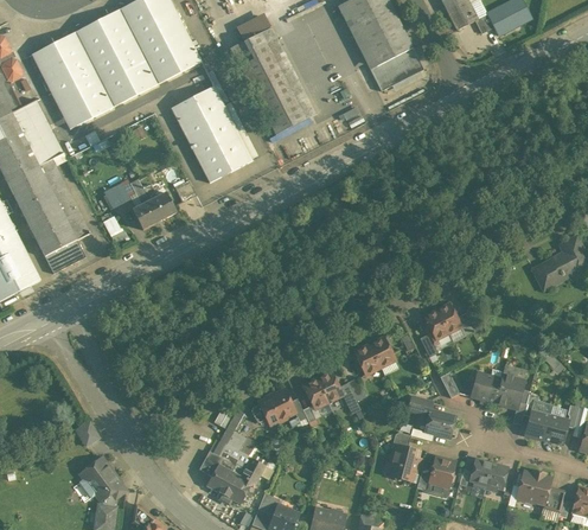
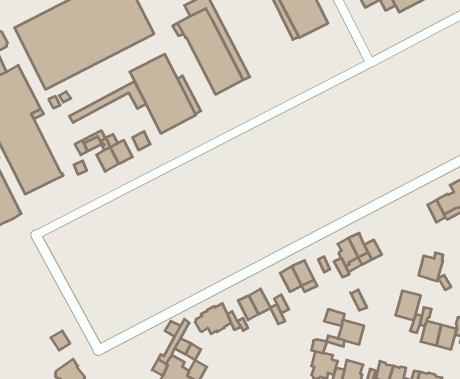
building: [369,49,422,91] -> none
building: none -> [69,81,146,123]
building: [44,241,84,274] -> none
building: [471,369,500,403] -> [419,253,443,281]

